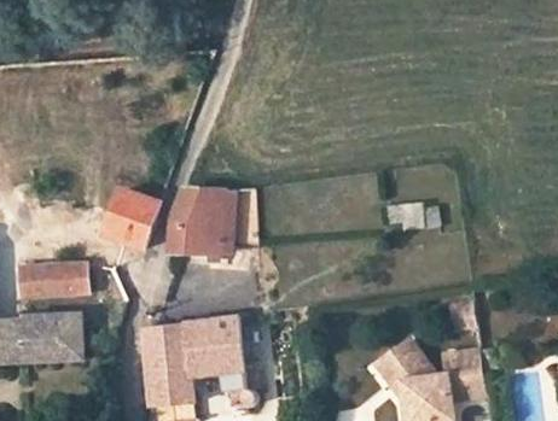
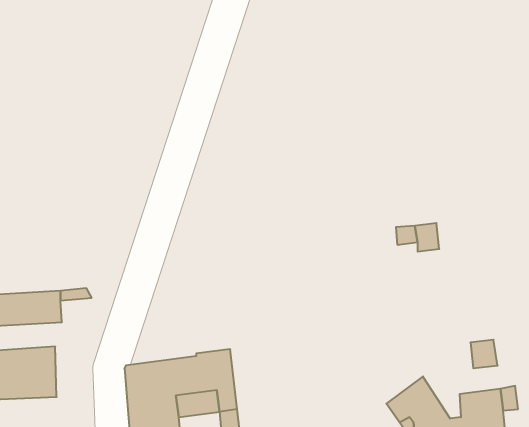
building: [170,189,257,255] -> none
building: [105,191,159,248] -> none

